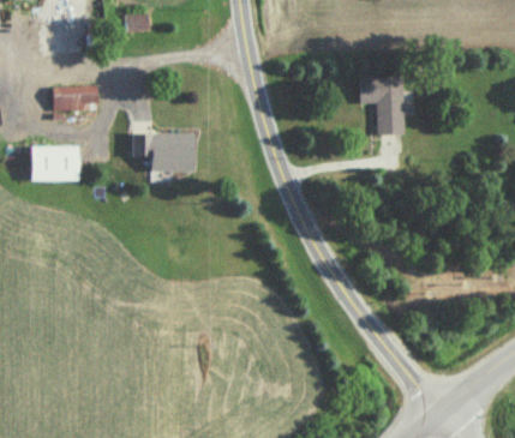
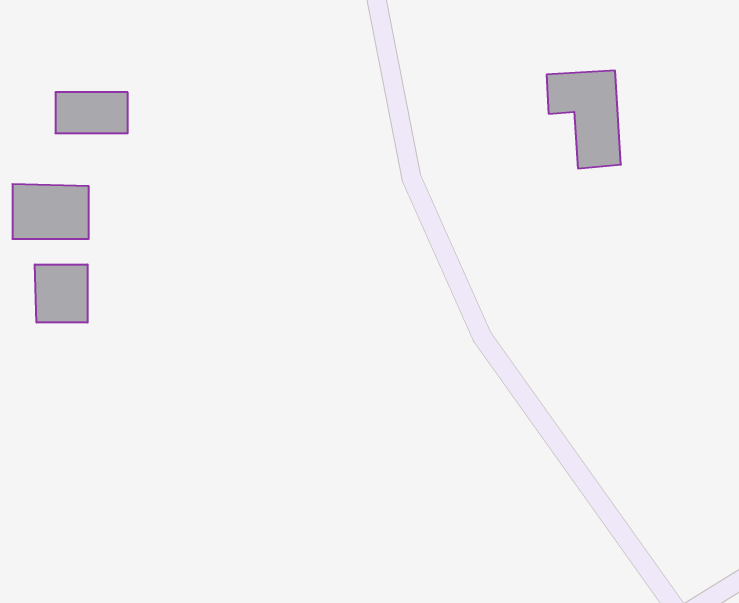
building: [133,133,192,170] -> none
building: none -> [35,264,88,323]

